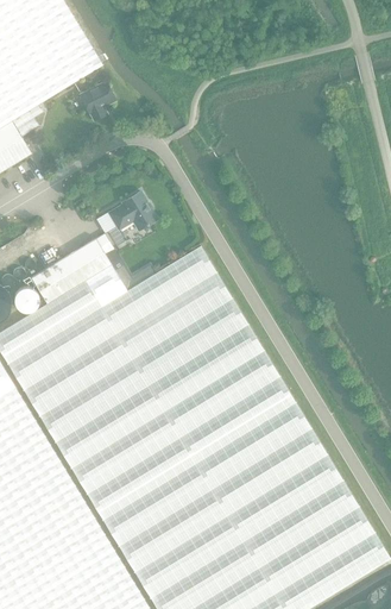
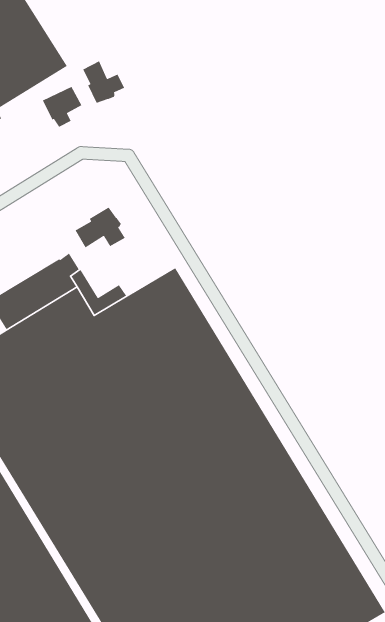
building: none -> [82,60,125,104]

